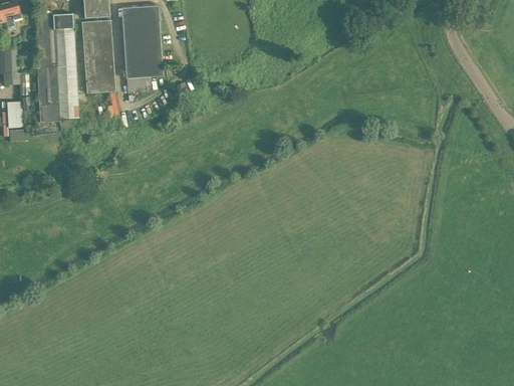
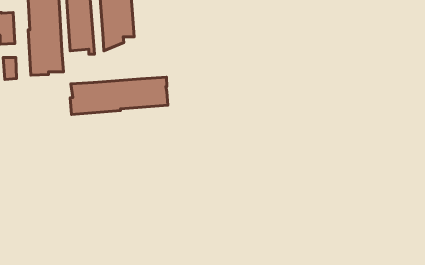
building: none -> [70,77,168,114]

